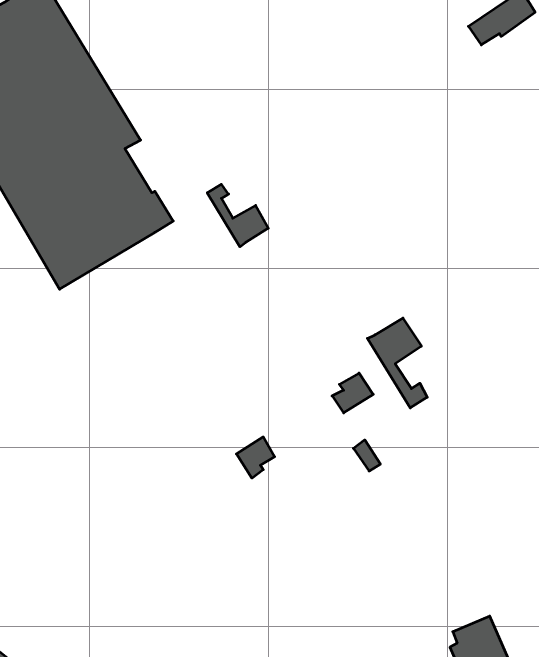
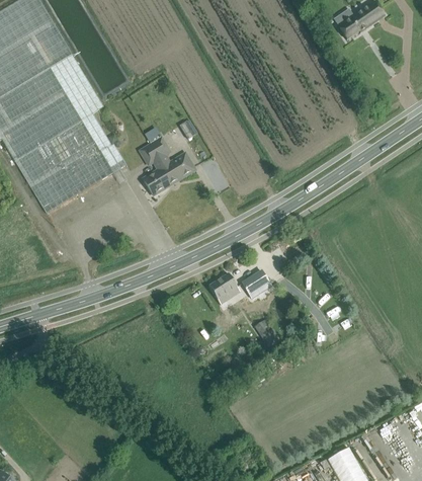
building: none -> [141,143,174,193]
building: [367,318,427,408] -> none
building: [236,437,275,478] -> [209,272,237,302]

